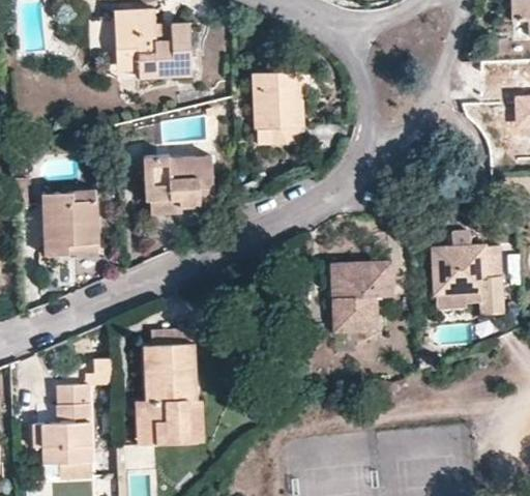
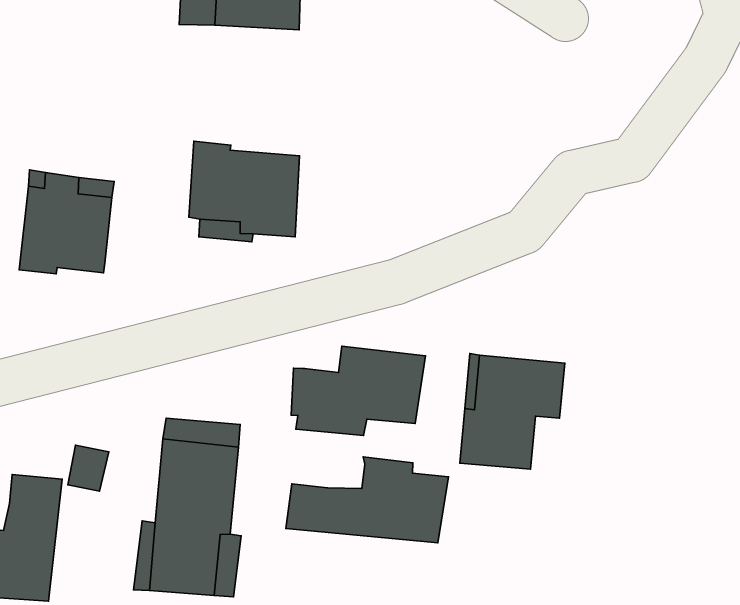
building: [257,70,304,147] -> none
building: [436,244,507,314] -> none
building: none -> [291,346,426,436]
building: none -> [286,457,449,543]

